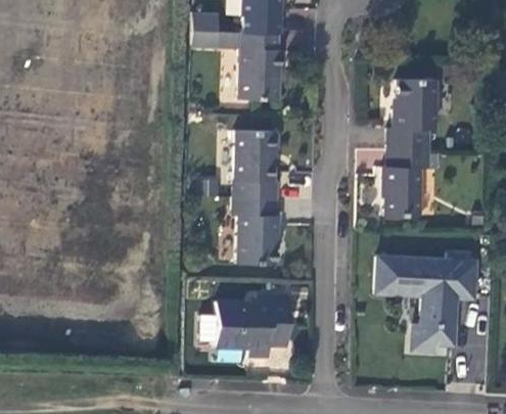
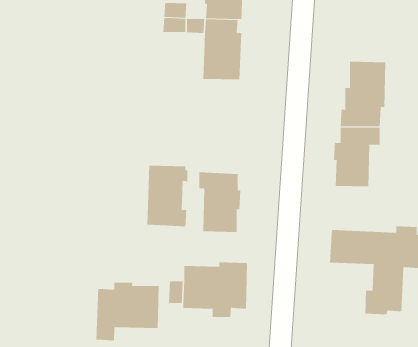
building: [234,132,279,198] -> [146,165,188,227]
building: none -> [96,282,159,341]

